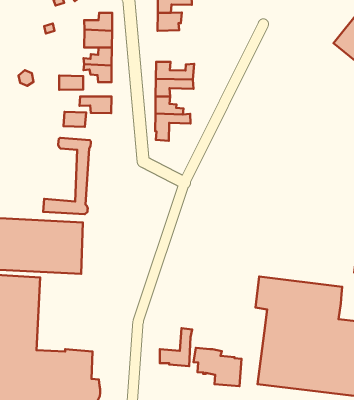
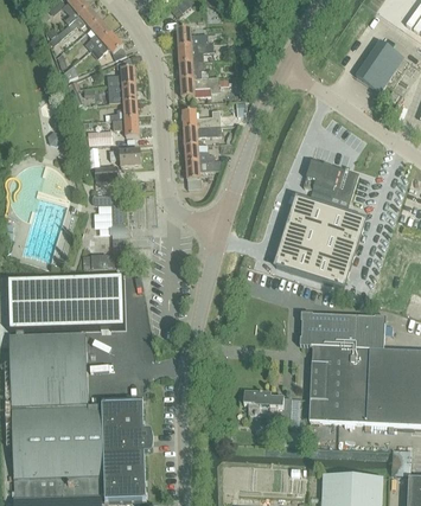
building: none -> [180,75,217,95]
building: none -> [302,158,358,207]
building: none -> [275,197,364,286]
building: [160,328,192,366] -> none

